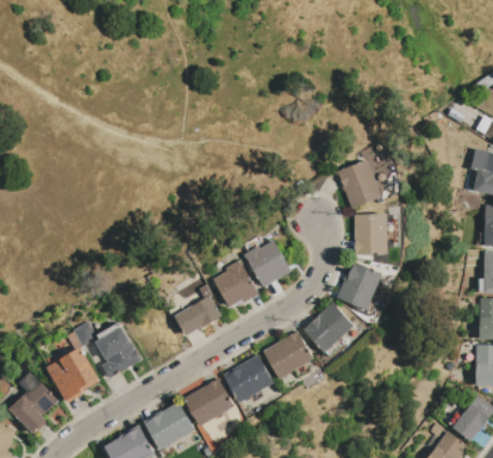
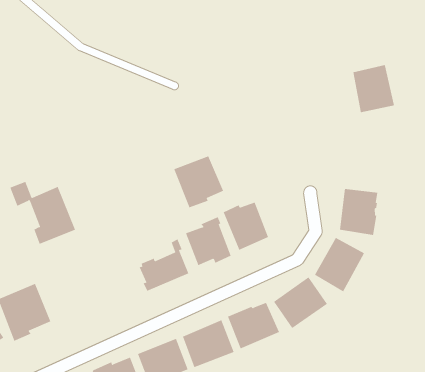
building: [337,160,381,209] -> [352,64,395,113]
building: none -> [174,156,224,208]
building: [73,322,141,379] -> [9,181,76,245]

